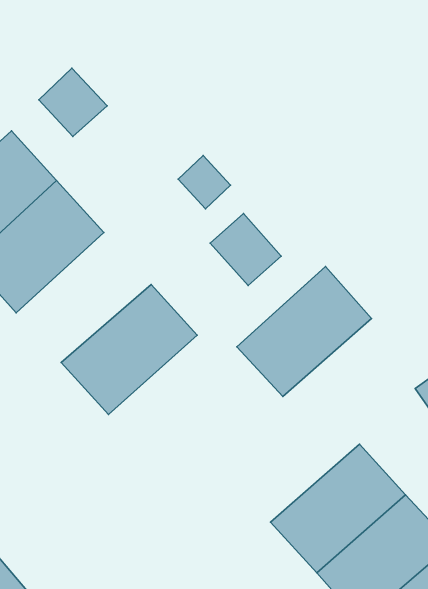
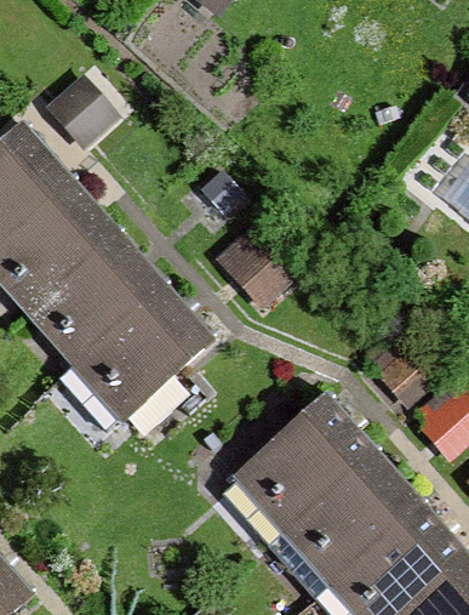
building: none -> [23,240,161,374]
building: [237,266,372,397] -> [236,404,374,537]

